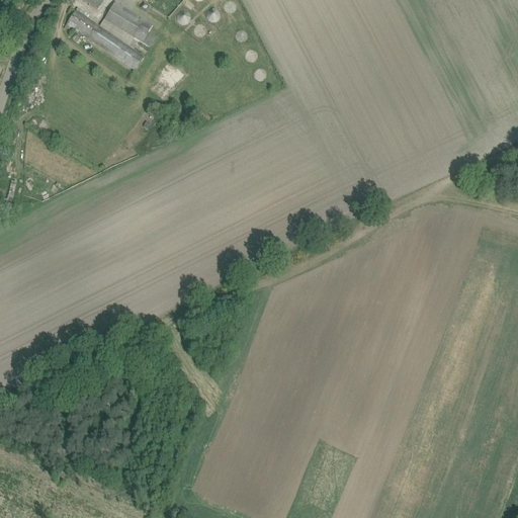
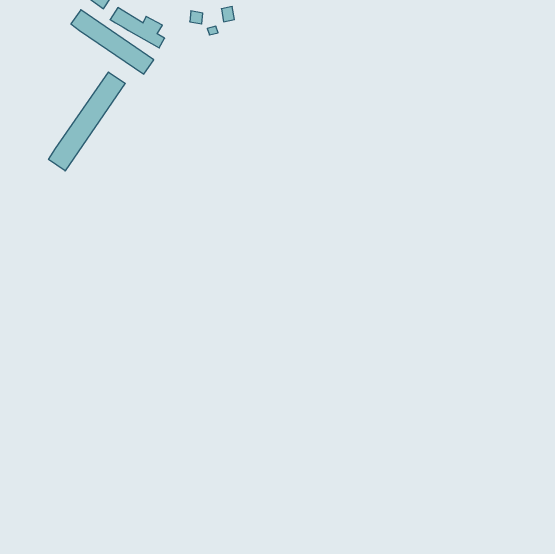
building: none -> [49,72,125,171]

